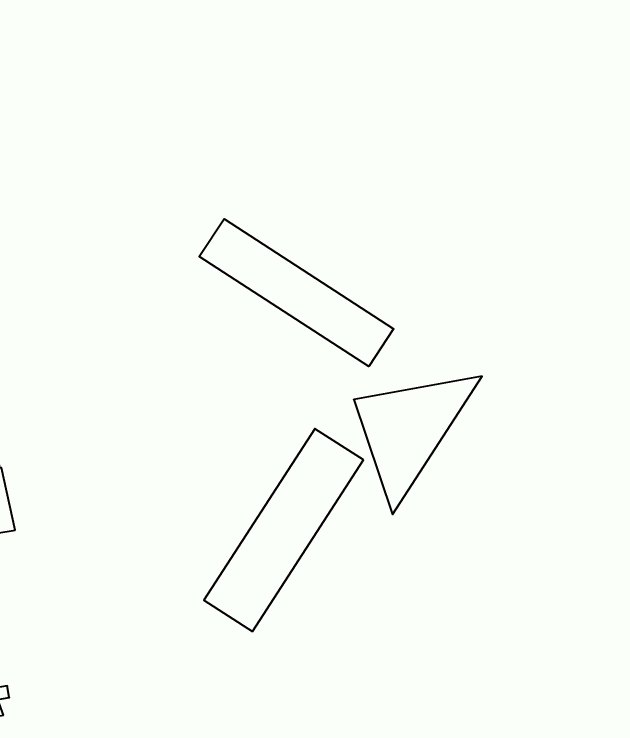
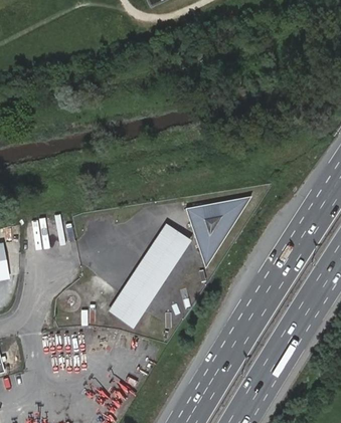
building: [199,219,394,366] -> none

